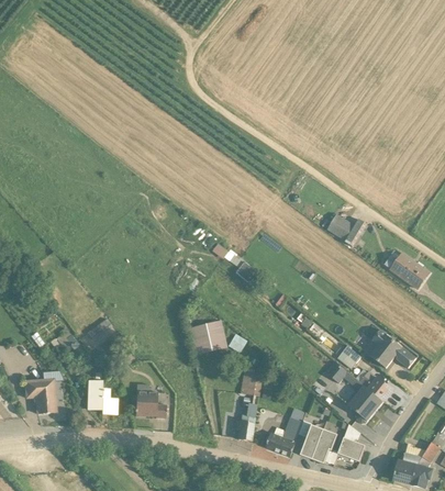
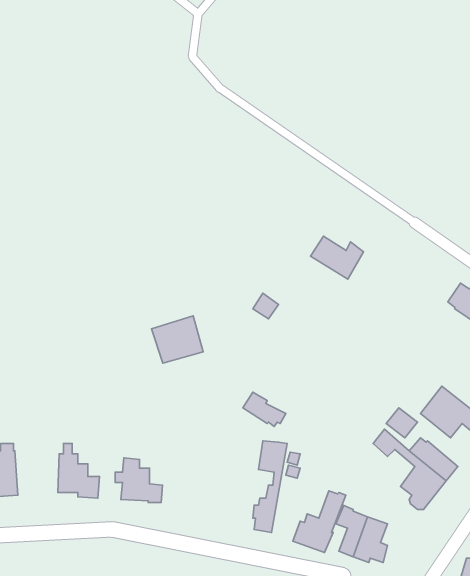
building: [327,214,368,247] -> [310,236,364,279]
building: [188,315,227,351] -> [151,316,203,363]
building: [338,423,366,462] -> none

